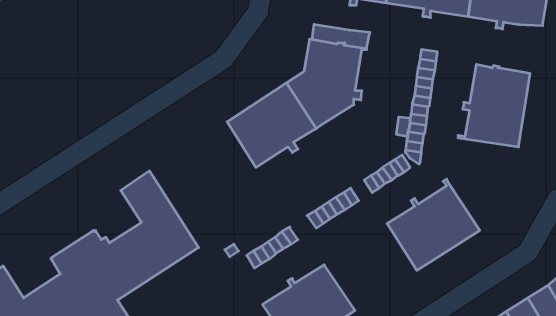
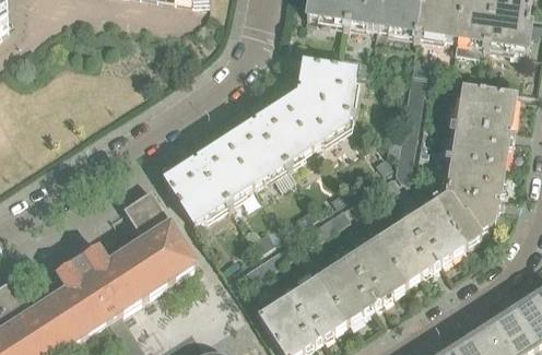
building: none -> [164,140,251,222]
building: none -> [436,155,503,244]
building: none -> [317,237,405,320]

